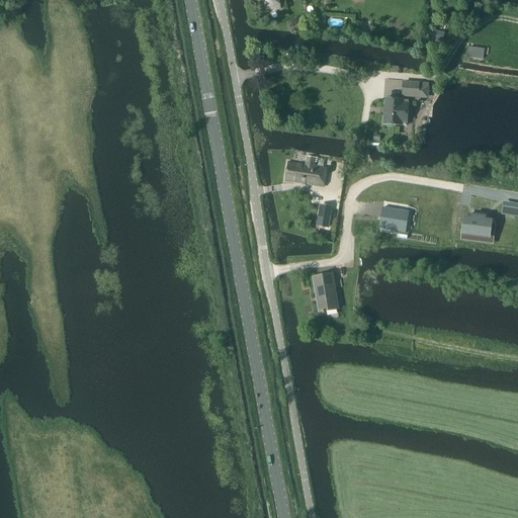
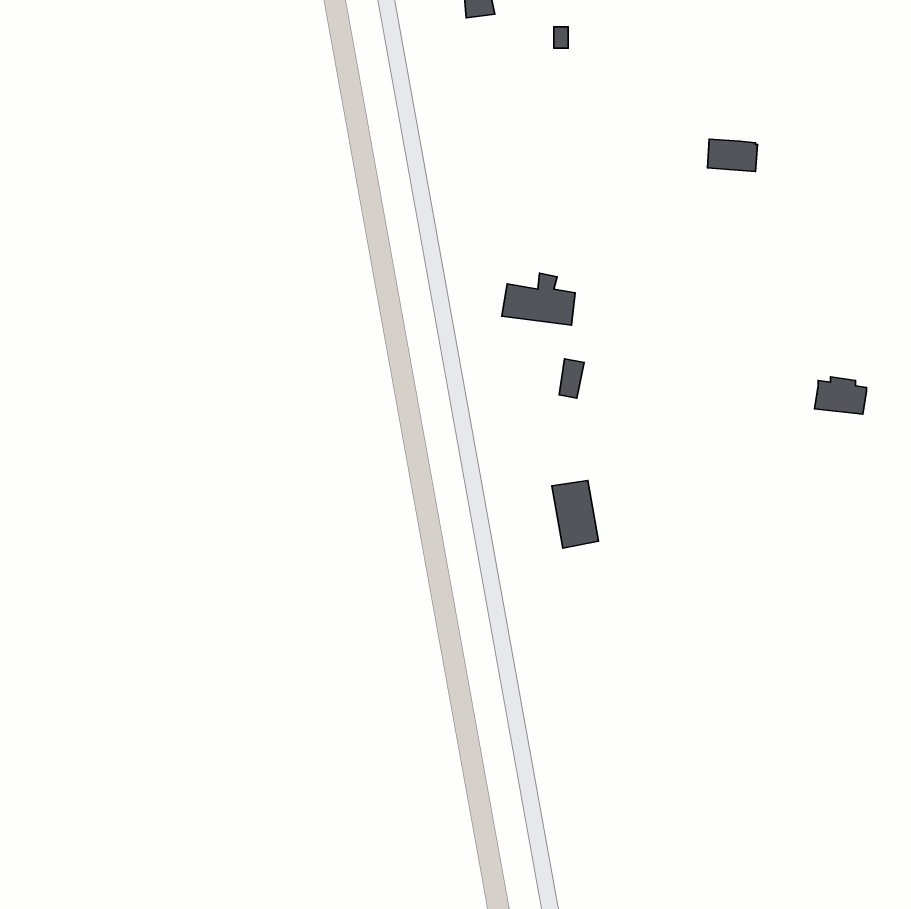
building: [382,96,408,124] -> none
building: [380,205,409,231] -> none

